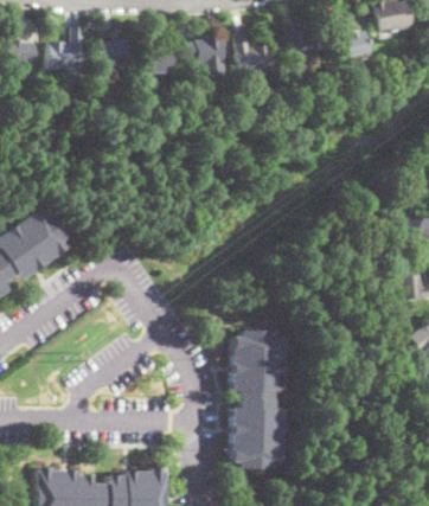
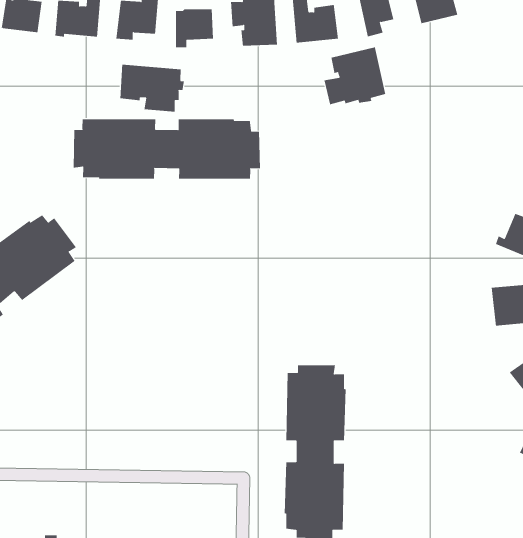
building: none -> [324,46,386,105]
building: none -> [120,64,185,112]
building: none -> [73,118,260,180]

